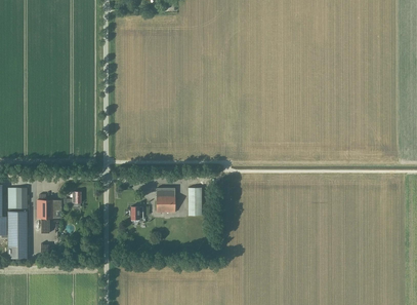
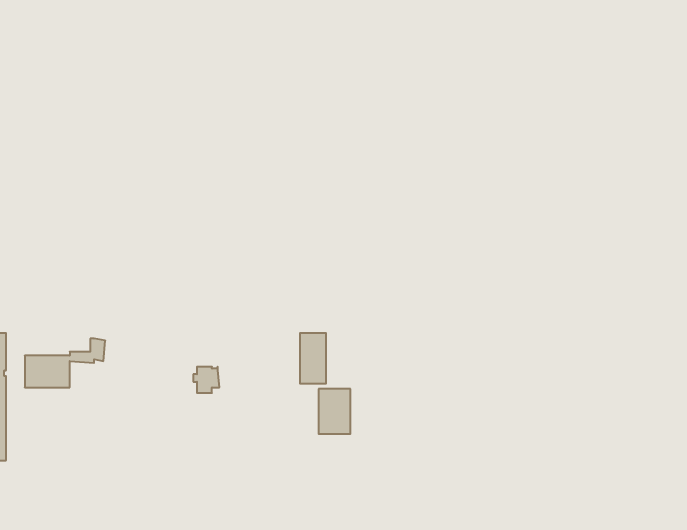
building: [157,188,174,213] -> [319,389,350,434]

